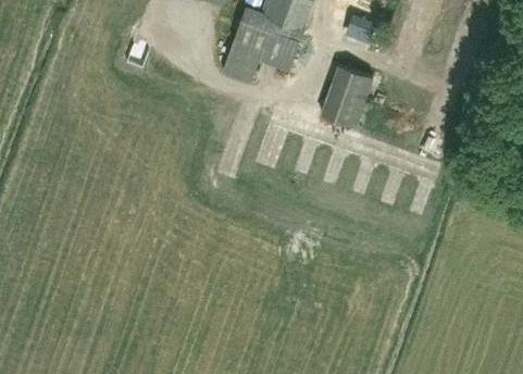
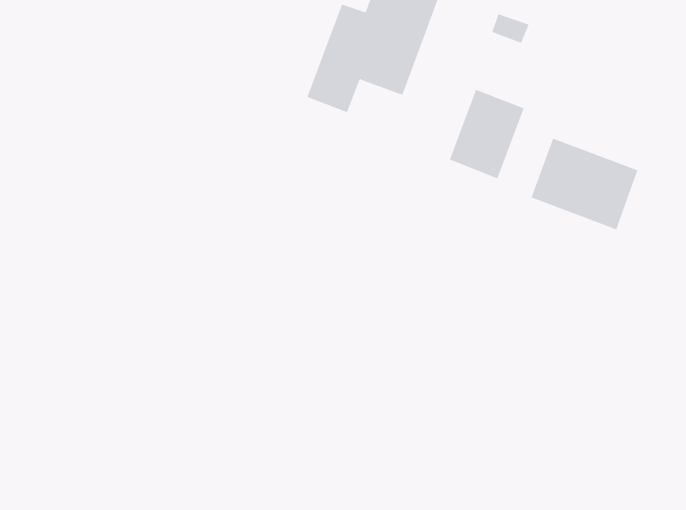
building: none -> [531,138,639,230]

